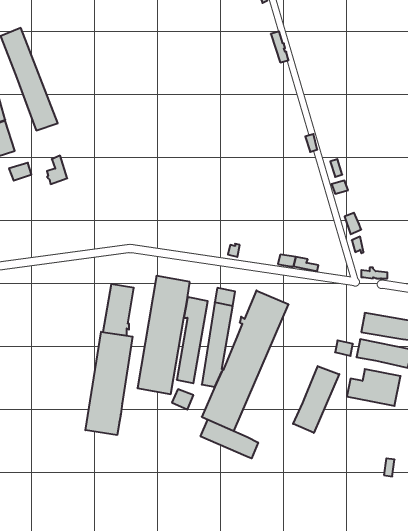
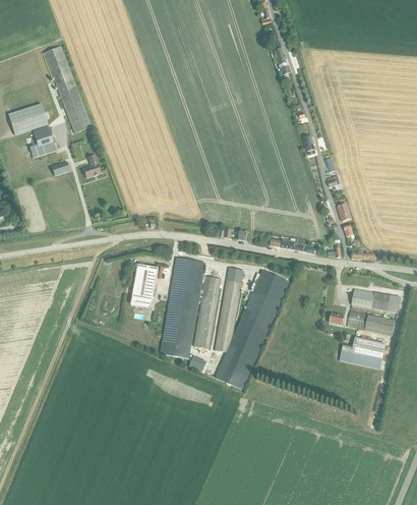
building: [85,332,133,435] -> none
building: [293,366,339,433] -> none
building: [201,420,258,458] -> none

